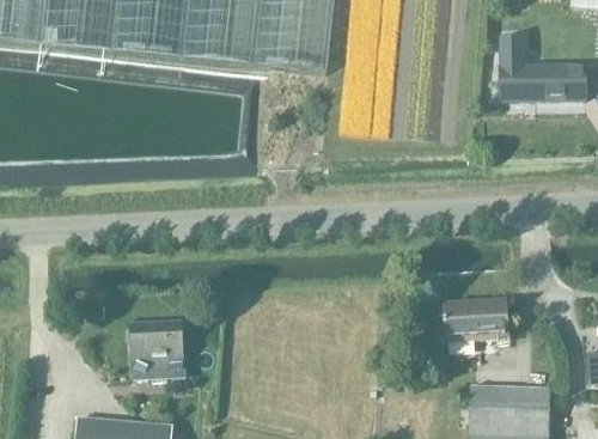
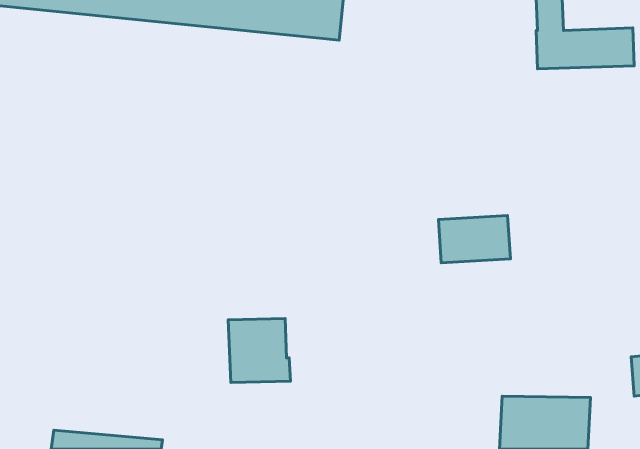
building: [446,299,509,341] -> [438,215,510,263]
building: [129,322,184,378] -> [228,319,291,382]

